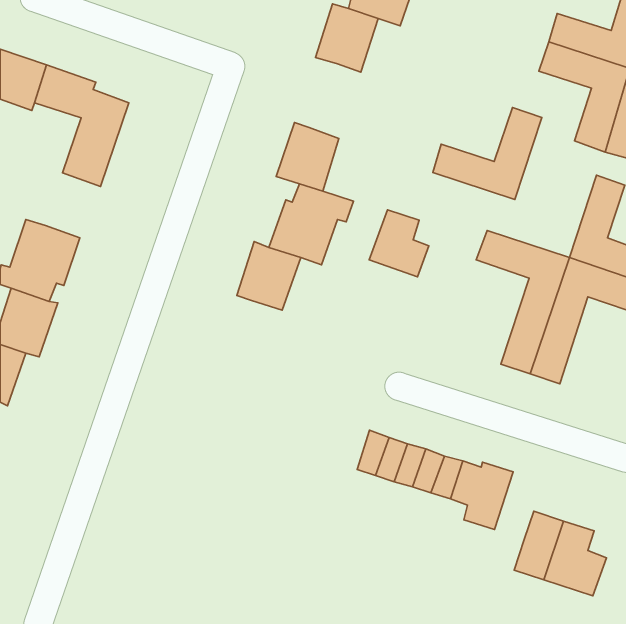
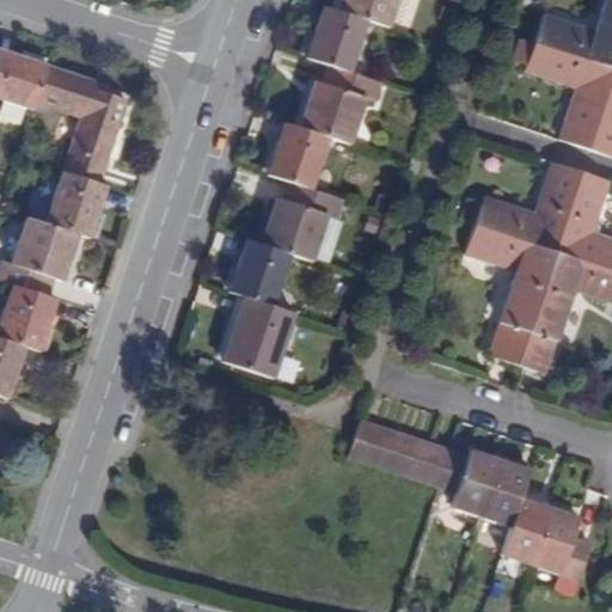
building: none -> [302,62,382,142]
building: [433,108,542,199] -> [476,161,582,251]
building: none -> [45,169,106,235]
building: [369,210,429,277] -> none
building: none -> [225,293,299,375]
building: none -> [483,460,531,526]

